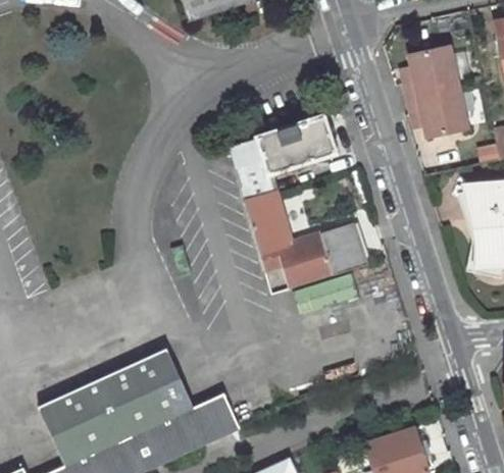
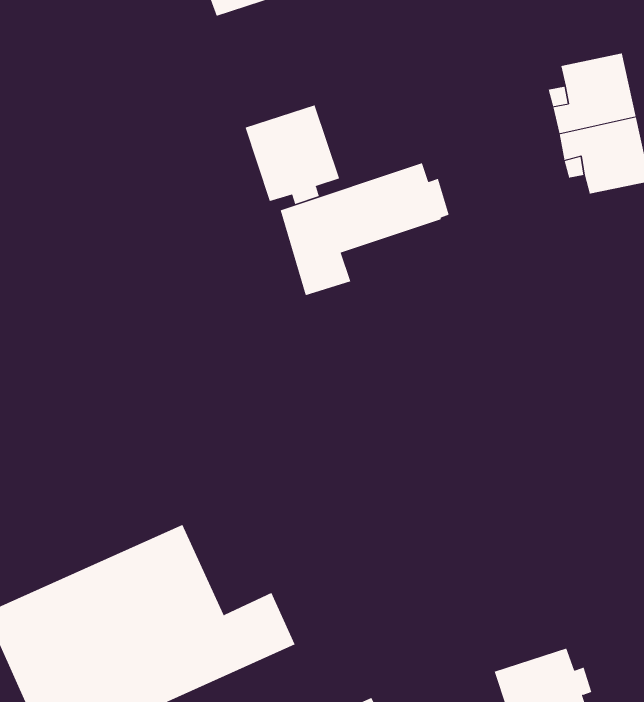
building: none -> [245,104,340,205]
building: [246,193,369,288] -> none

